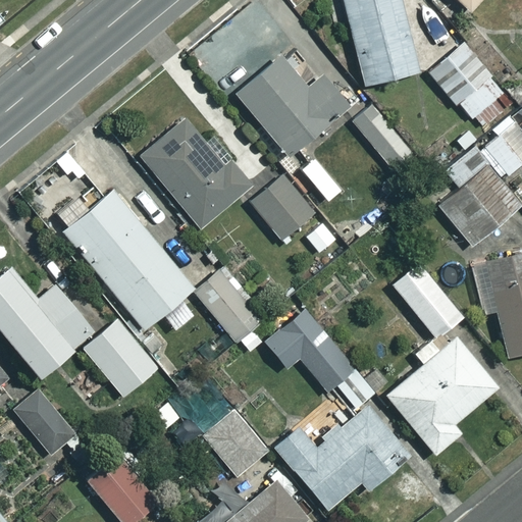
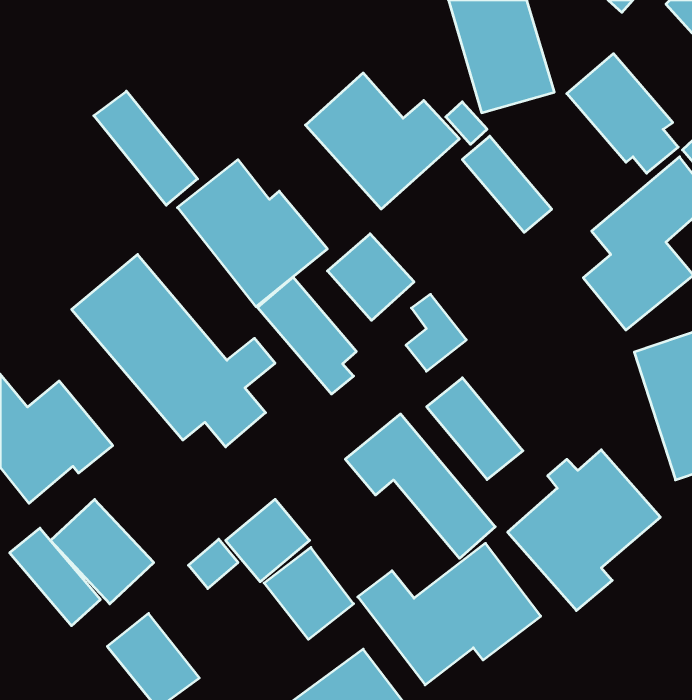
building: none -> [94,91,198,205]
building: [392,263,463,338] -> [427,378,523,480]
building: [193,268,266,355] -> [257,277,356,394]
building: [83,320,159,398] -> [51,499,154,604]

